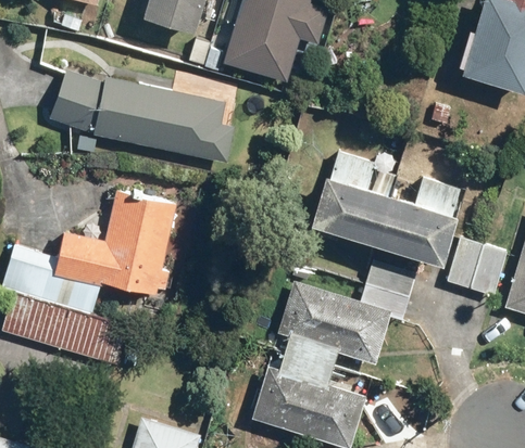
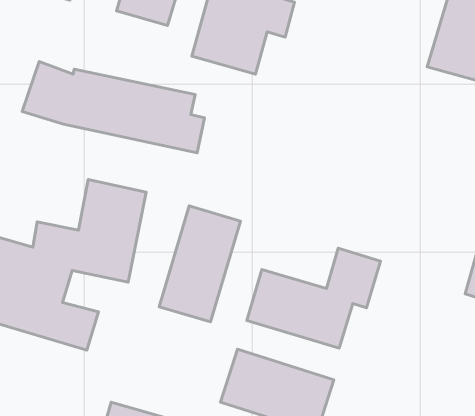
building: [314,150,461,264] -> none
building: none -> [159,206,241,322]
building: [445,236,505,296] -> none

